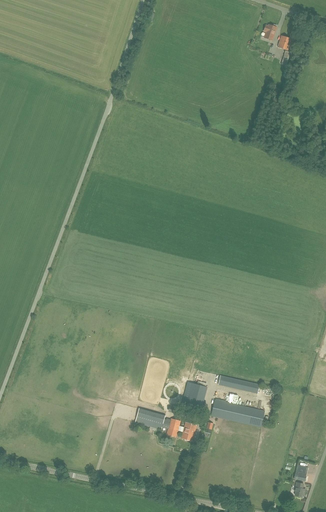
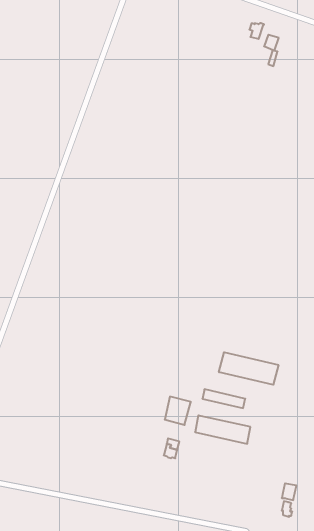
building: none -> [219,352,278,385]
building: [135,407,180,436] -> none

